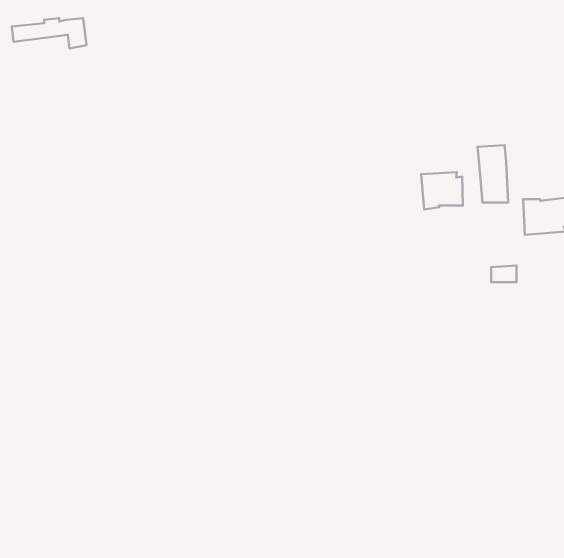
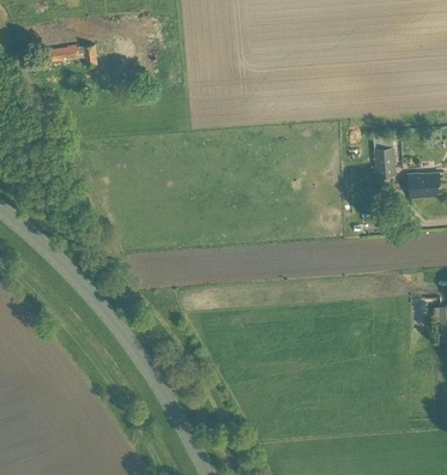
building: [421,172,463,209] -> none

